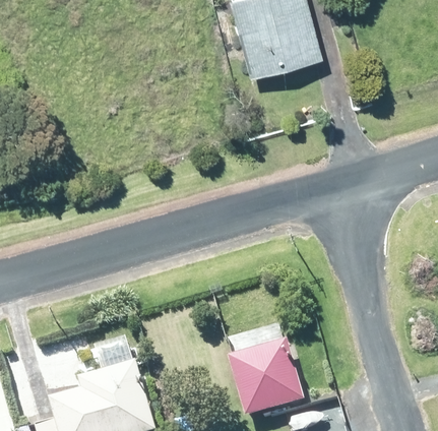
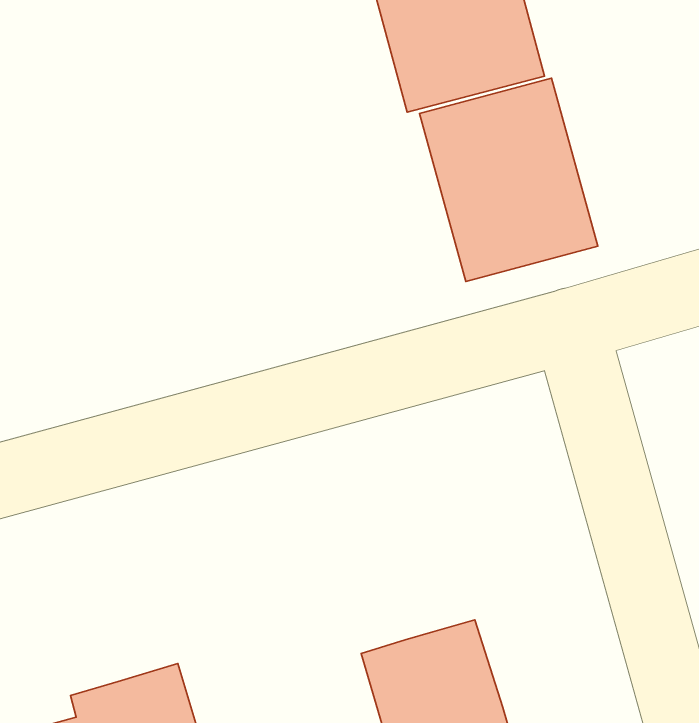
building: none -> [420,78,598,282]

